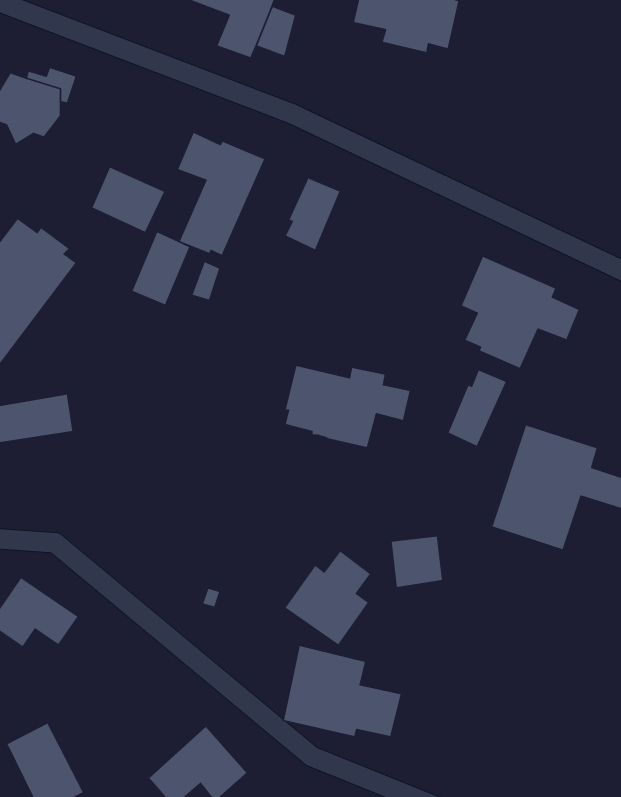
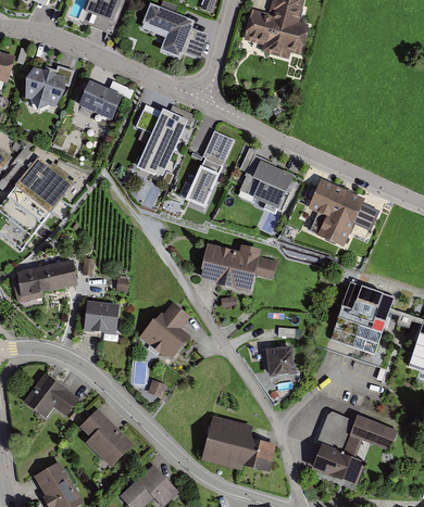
building: [92,166,165,233] -> [79,83,124,123]
building: none -> [236,156,289,210]
building: [131,232,191,305] -> [185,167,221,212]
building: [447,370,507,447] -> none
building: none -> [82,300,119,333]
building: [285,550,371,646] -> [137,302,189,359]
building: none -> [77,406,133,466]
building: none -> [312,413,398,487]

